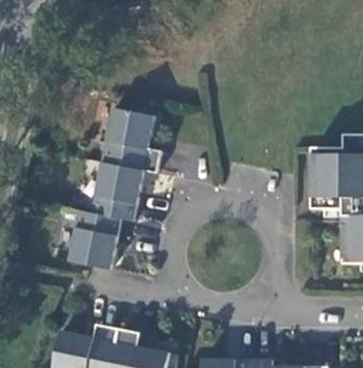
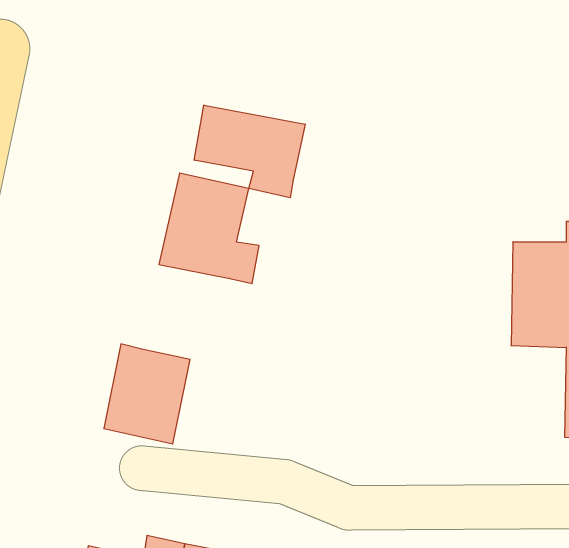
building: none -> [194,105,305,198]
building: [91,162,143,221] -> none

